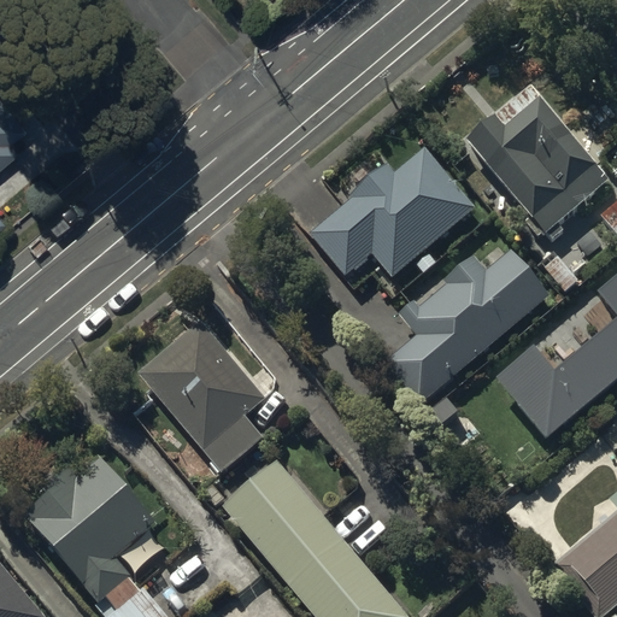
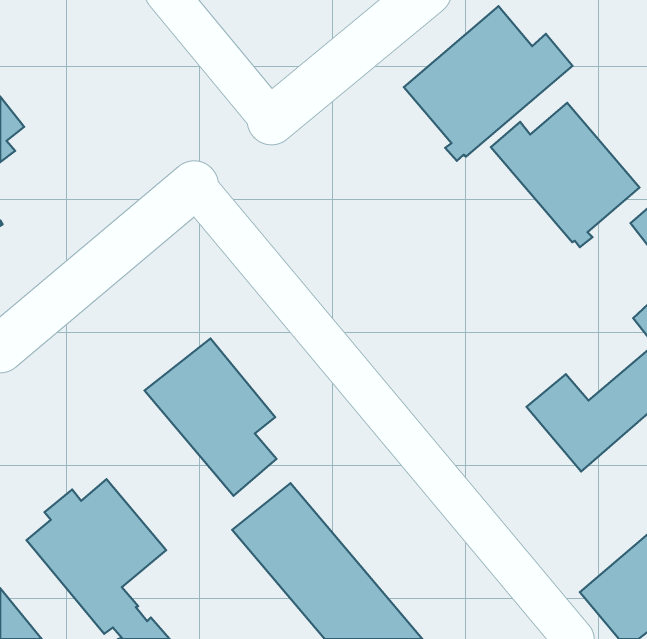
building: none -> [404,6,572,161]
building: [310,146,474,275] -> none
building: [384,248,550,402] -> none

